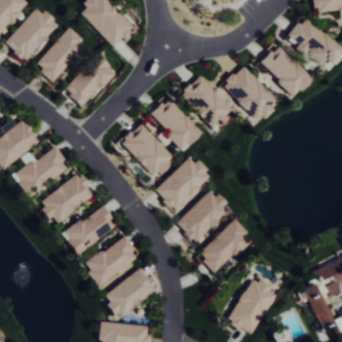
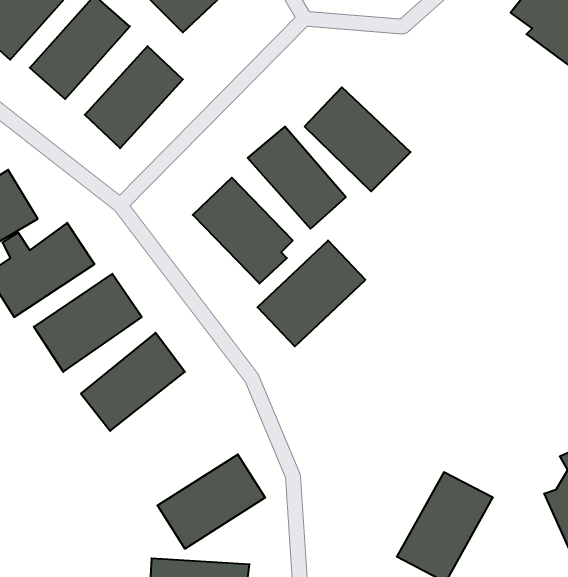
building: [259,45,312,99] -> none
building: [222,66,280,124] -> none
building: [176,190,229,242] -> none
building: [198,219,249,274] -> none
building: [83,235,139,288] -> none

